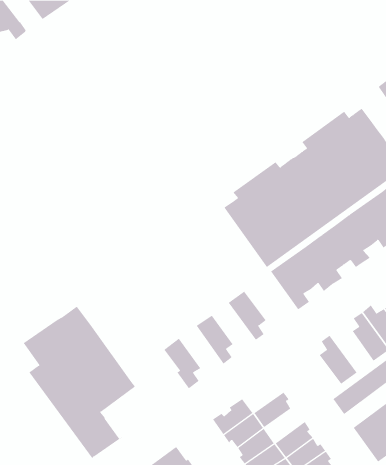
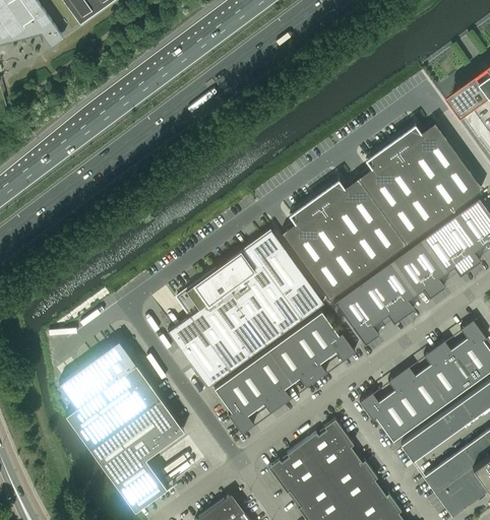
building: none -> [168,231,323,387]
building: none -> [304,312,355,362]
building: none -> [268,338,316,388]
building: none -> [232,364,281,413]
building: none -> [399,367,446,415]
building: none -> [359,393,411,442]
building: none -> [302,419,348,460]
building: none -> [325,455,371,494]

